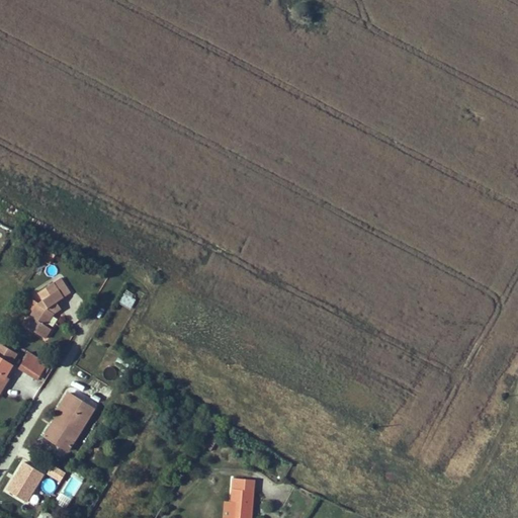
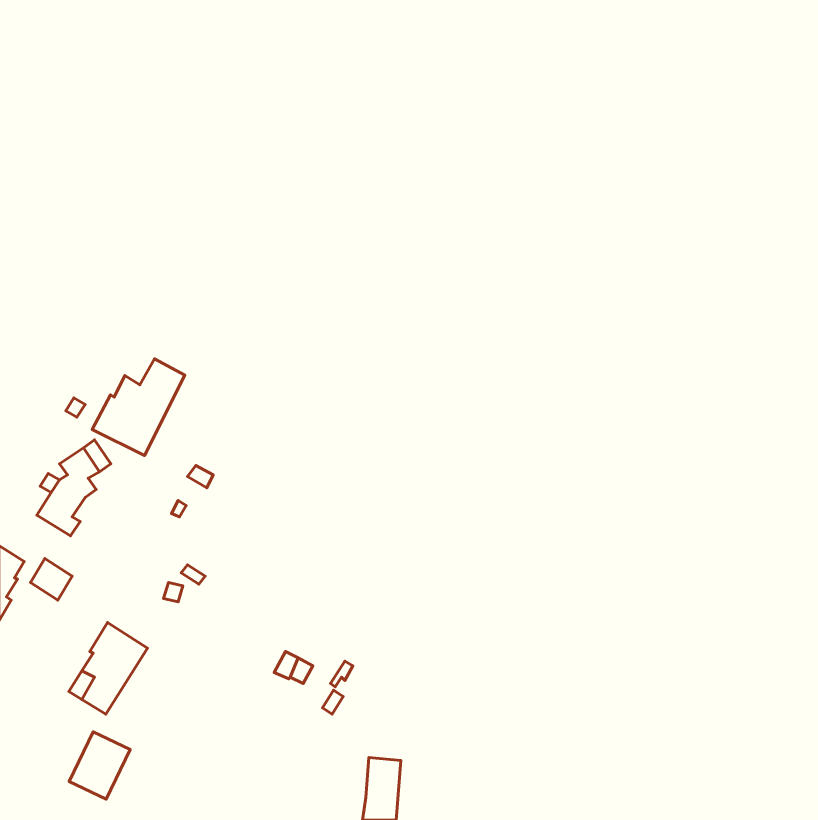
building: none -> [92,359,185,455]
building: [4,461,42,504] -> [69,732,130,799]

